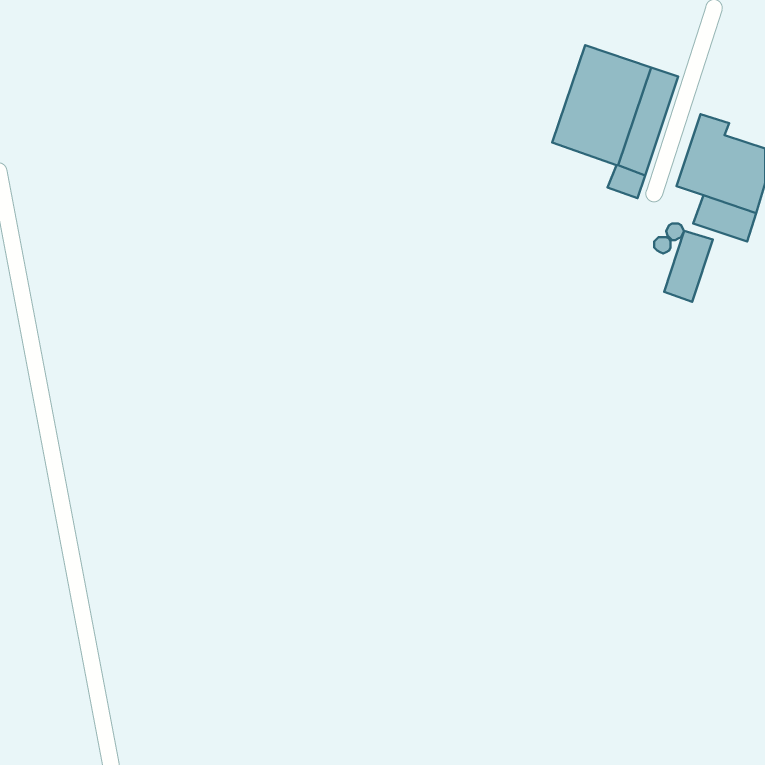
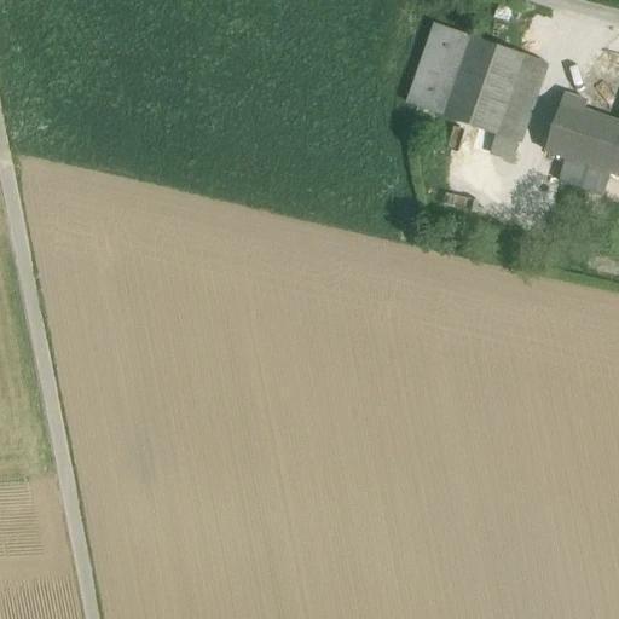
building: none -> [407,23,472,115]
building: [664,231,713,302] -> none

